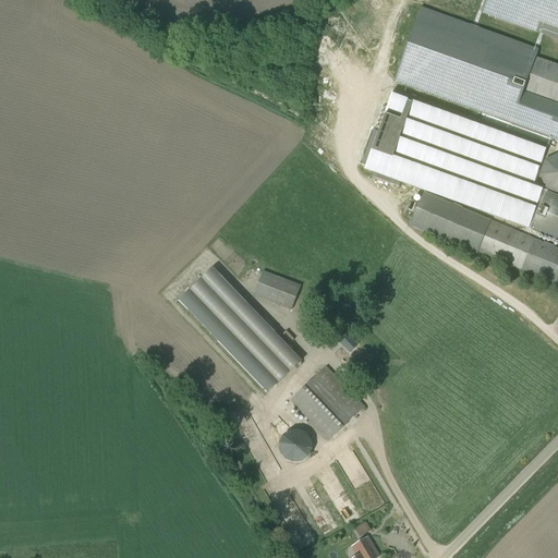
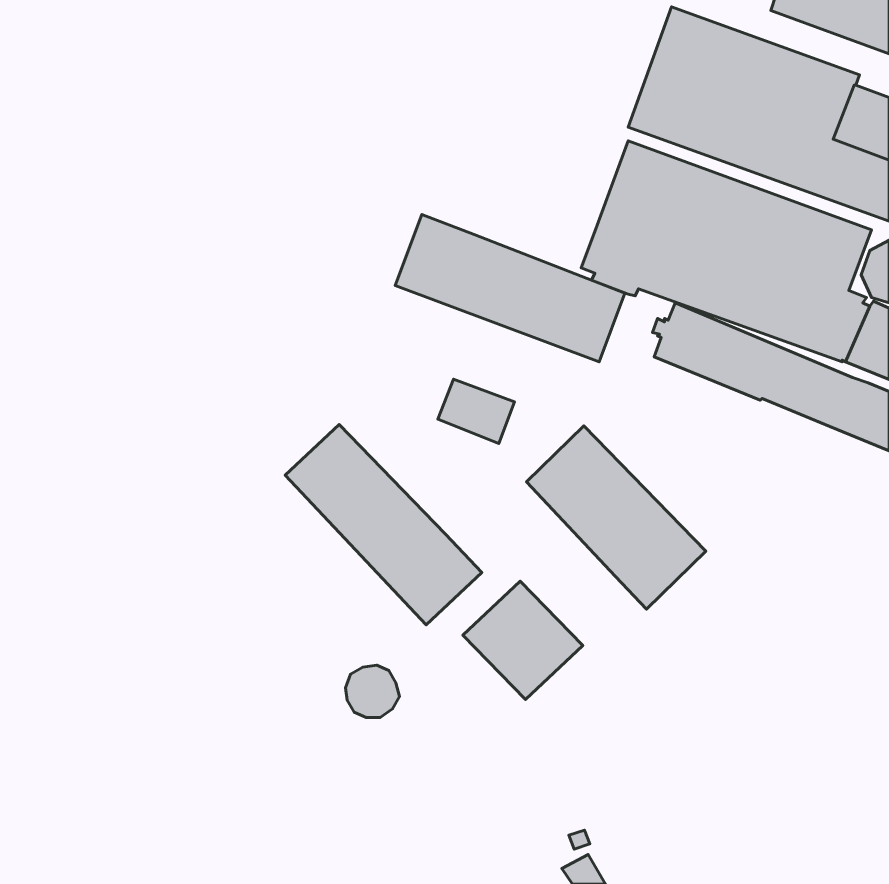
building: none -> [395,214,625,362]
building: none -> [526,426,706,609]
building: [253,268,301,308] -> [438,379,515,443]
building: [279,427,313,460] -> [345,665,399,718]

